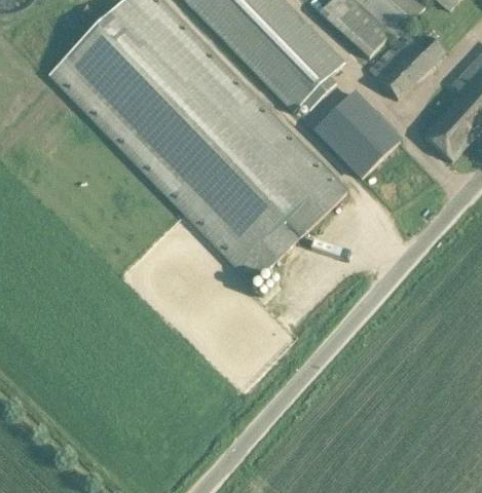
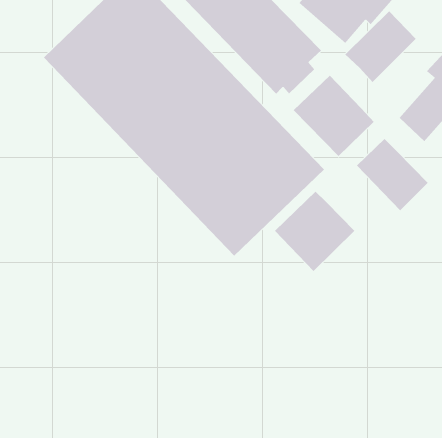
building: none -> [356,138,428,211]
building: none -> [274,191,355,272]

